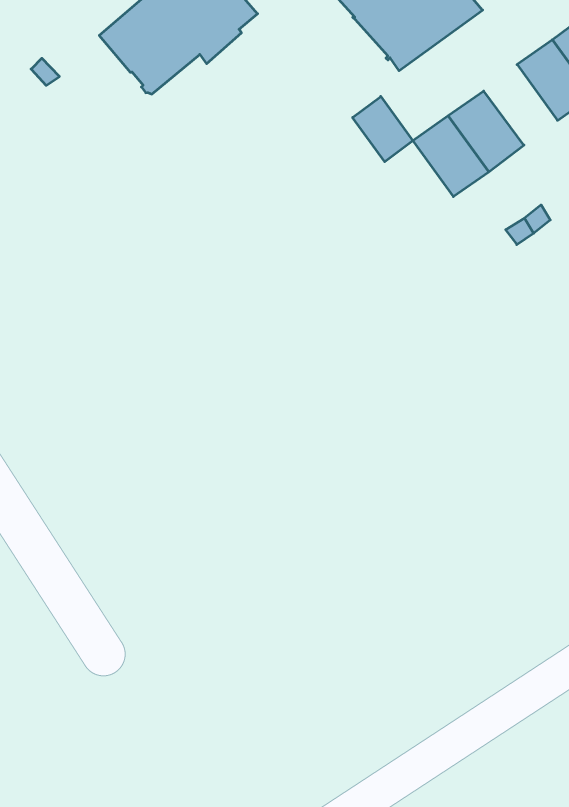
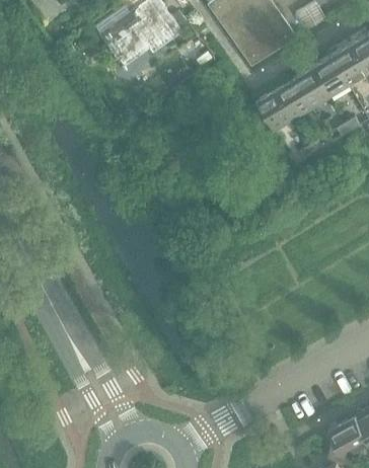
building: none -> [293,67,329,108]
building: [353,96,413,162] -> none

